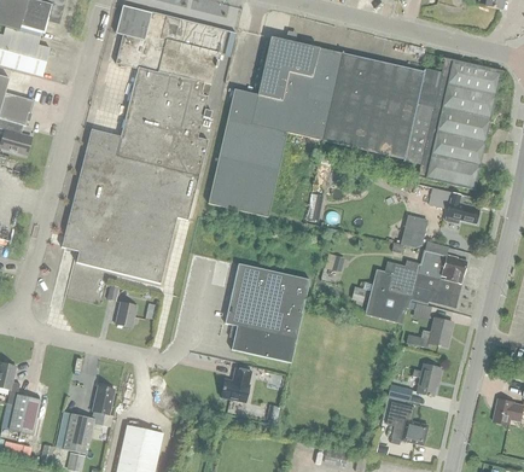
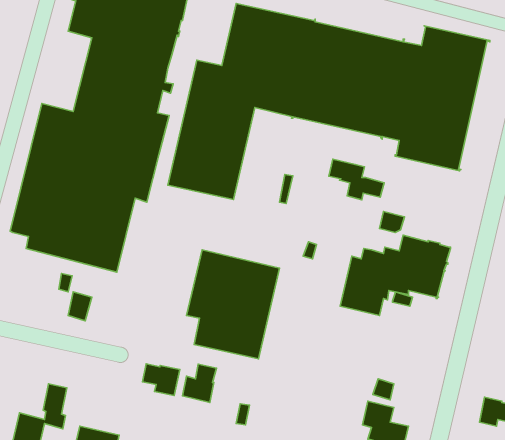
building: [427,186,478,223] -> [329,159,384,200]
building: [406,316,452,348] -> none
building: [412,363,441,395] -> none
building: none -> [143,364,180,395]

